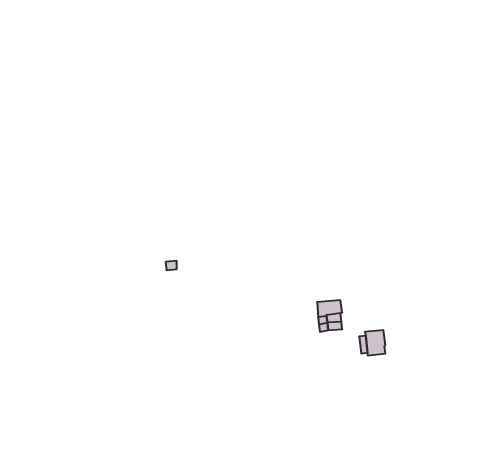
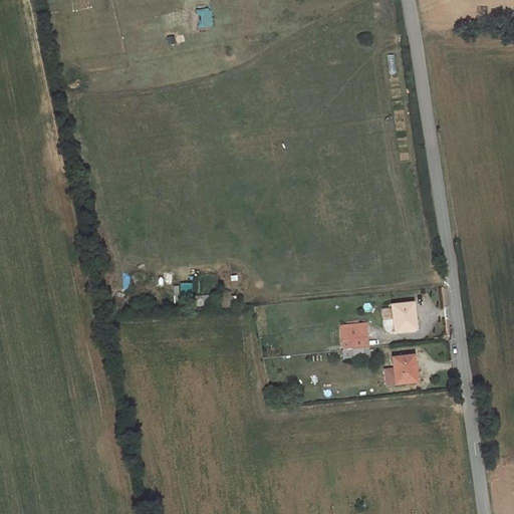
building: none -> [393,302,415,329]

